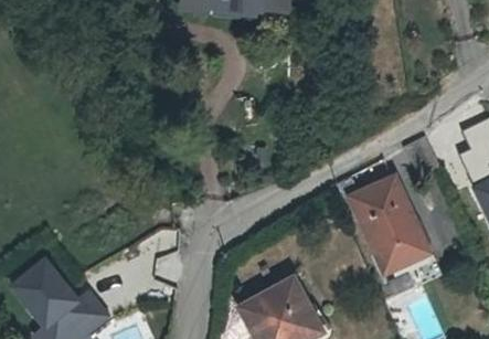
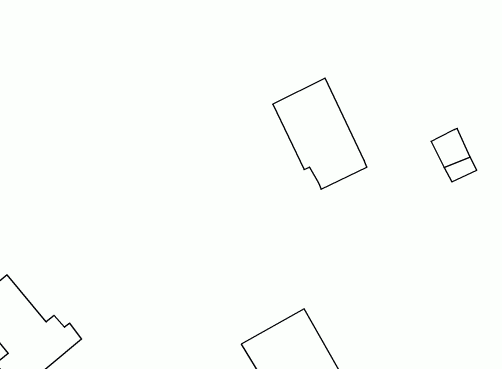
building: [350,172,429,266] -> [273,78,367,189]

